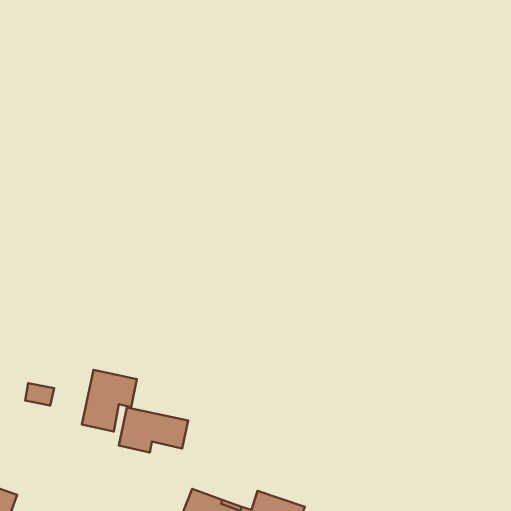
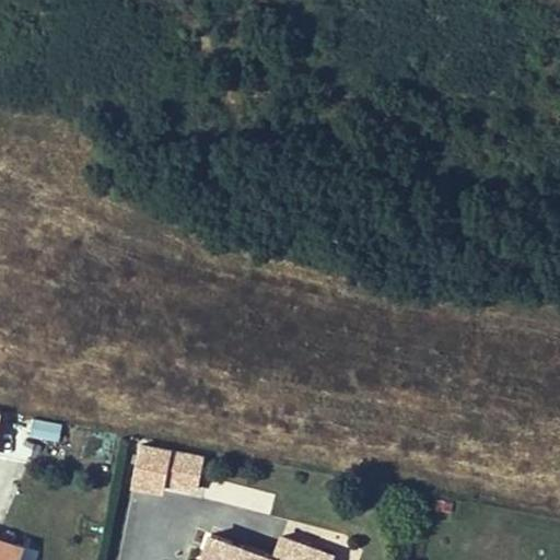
building: [82,370,137,431] -> none

